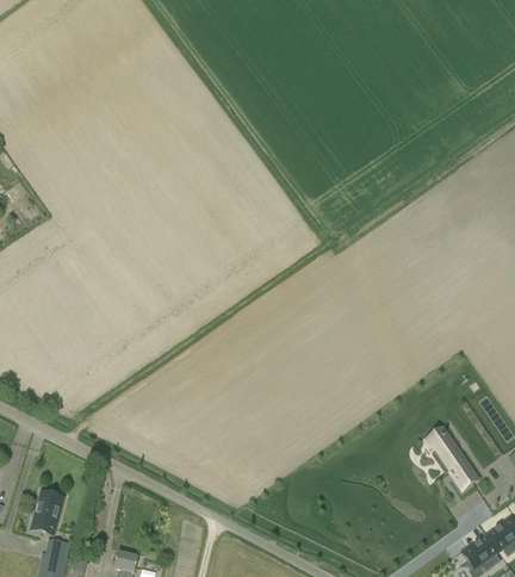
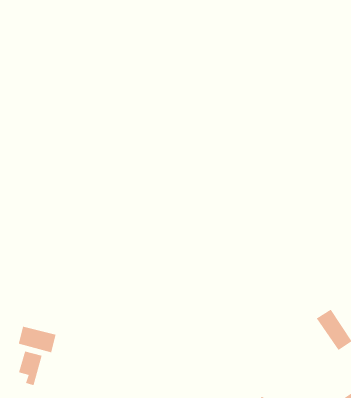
building: none -> [18,326,56,353]

